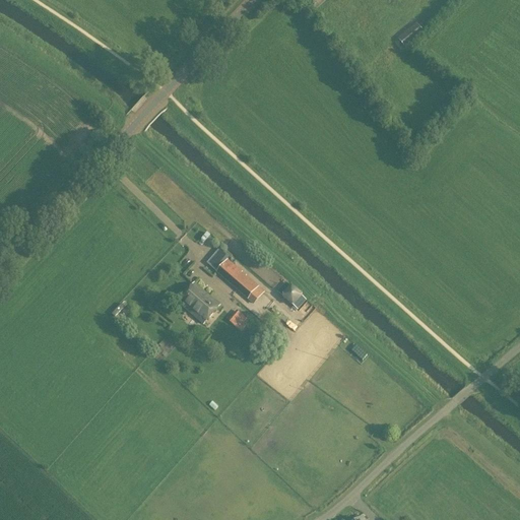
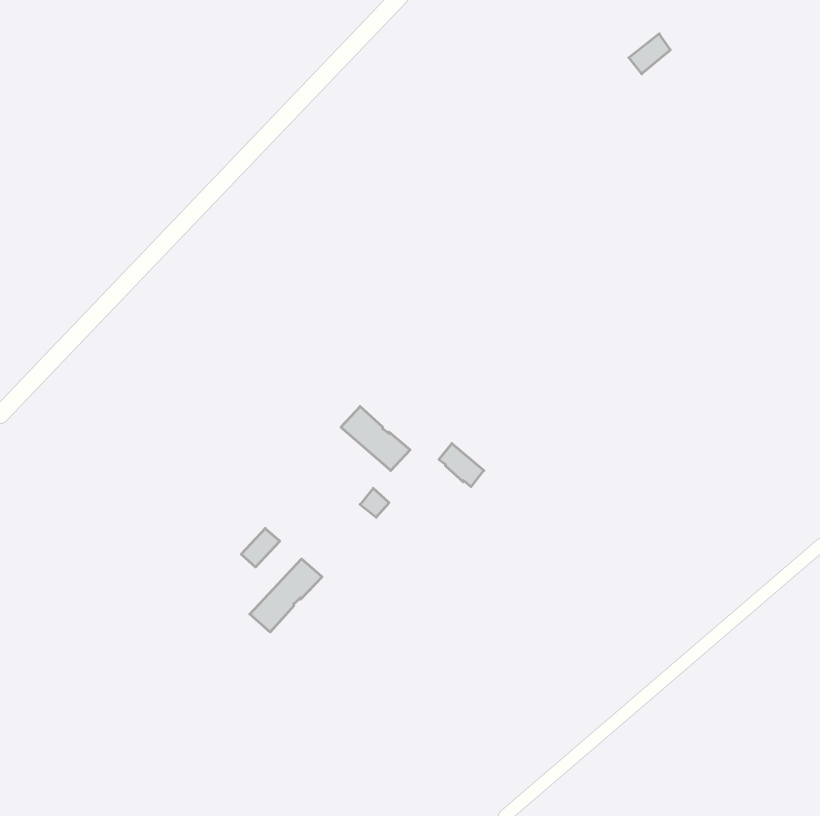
building: [179,282,219,322] -> none
building: none -> [250,559,322,632]

